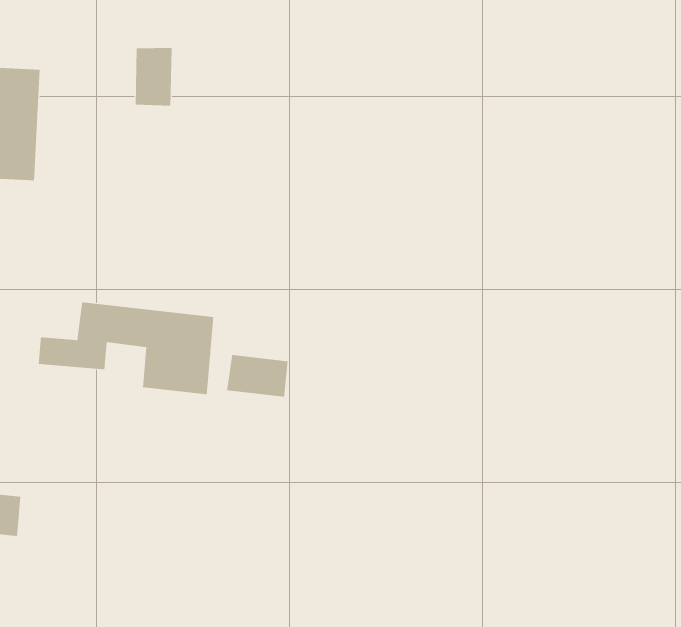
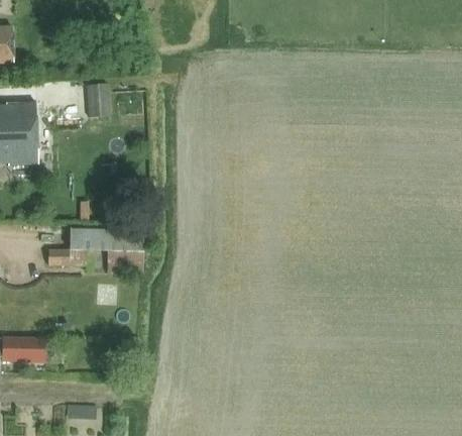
building: [226,354,288,397] -> none

